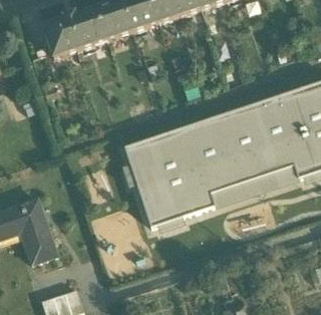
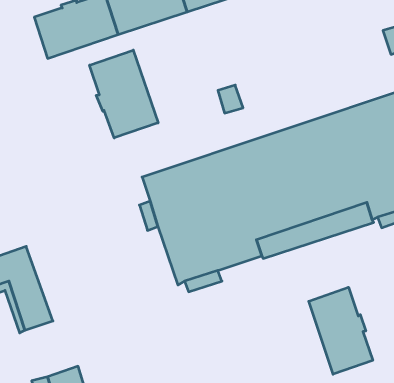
building: none -> [90,50,158,138]
building: none -> [309,287,373,374]

